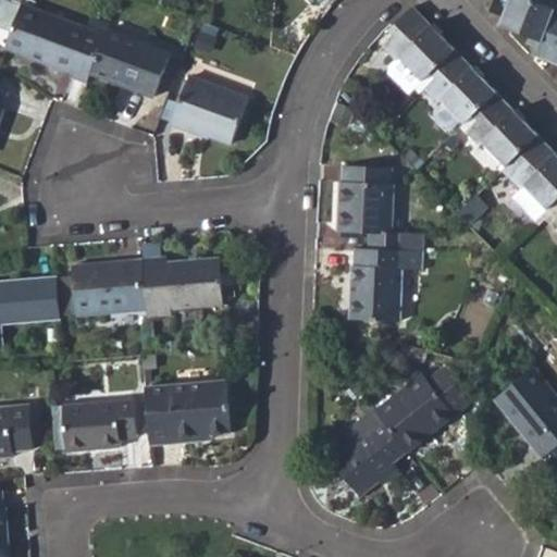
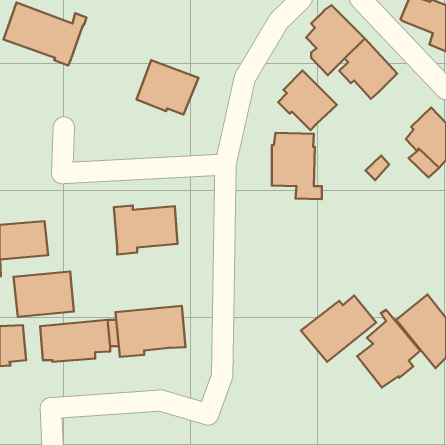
building: [88,28,170,98] -> none
building: [463,91,536,165] -> [278,71,337,130]
building: [349,247,424,320] -> none
building: [71,258,146,314] -> [13,271,74,317]
building: [329,399,407,496] -> [357,310,420,388]

